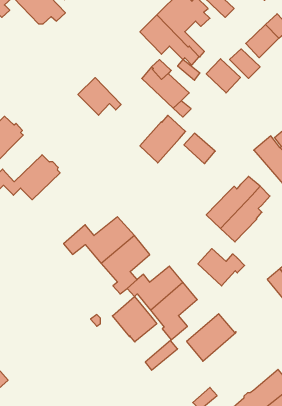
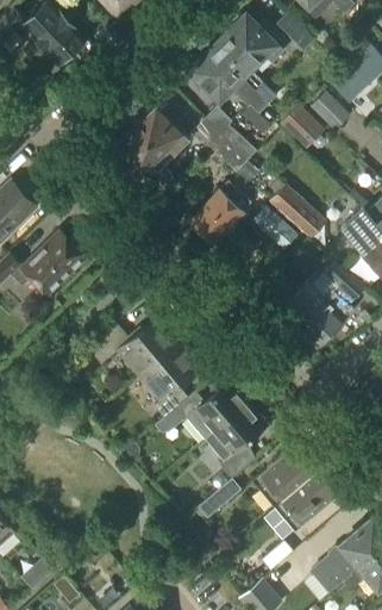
building: none -> [131,106,189,167]
building: none -> [269,180,326,241]
building: [198,249,245,286] -> none
building: [112,297,157,342] -> none
building: none -> [274,469,338,533]

